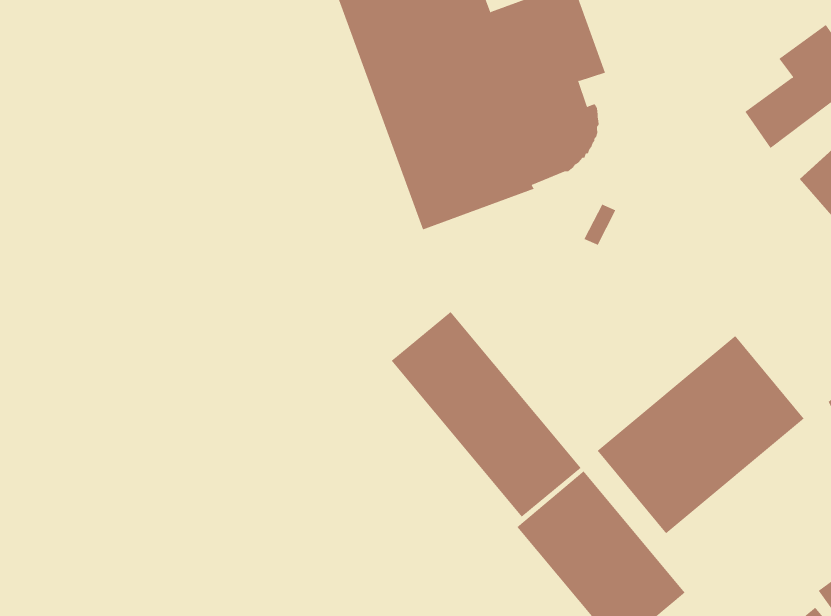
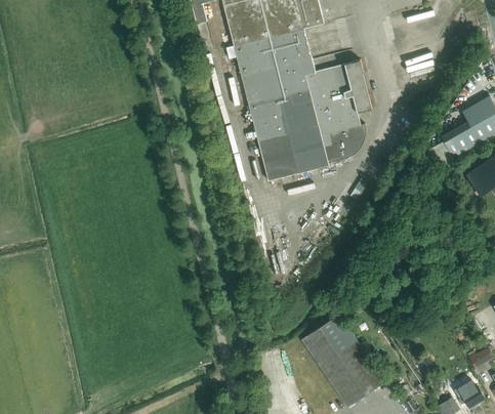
building: [391,311,581,517] -> none
building: [597,335,804,534] -> none

